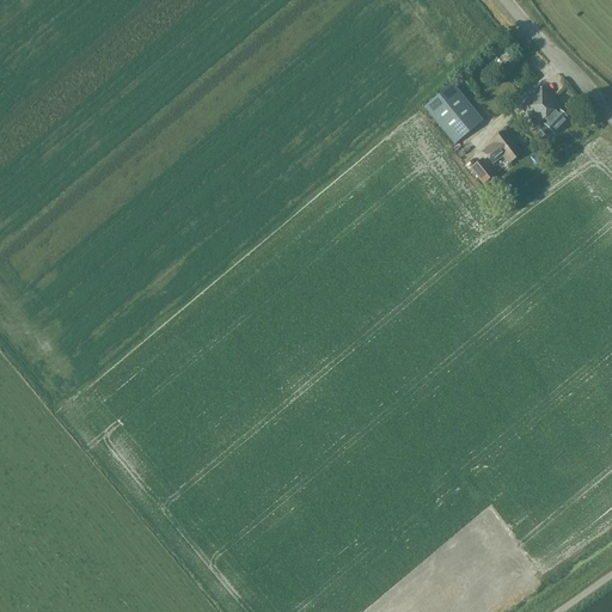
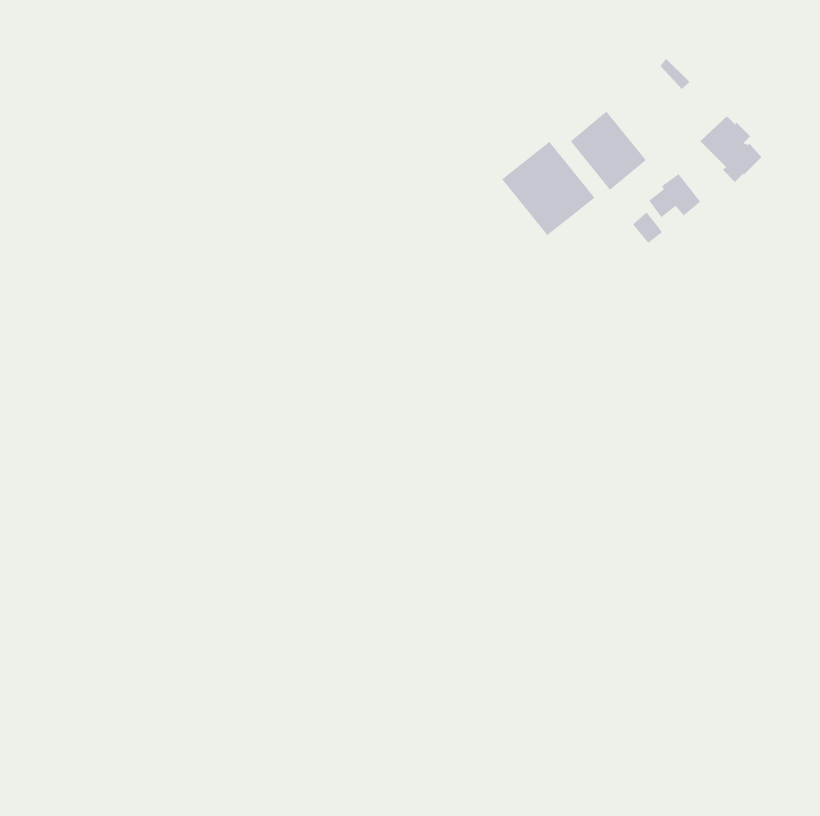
building: none -> [501,141,596,236]

